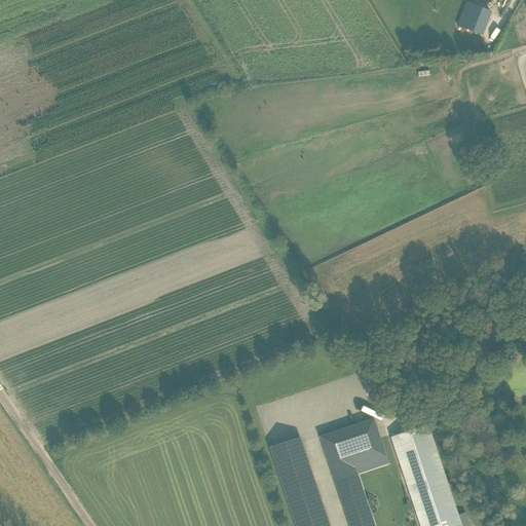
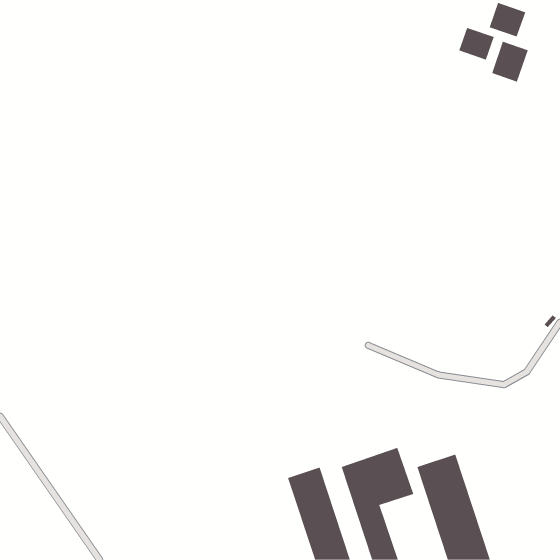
building: none -> [459,27,495,61]
building: none -> [491,41,529,82]

